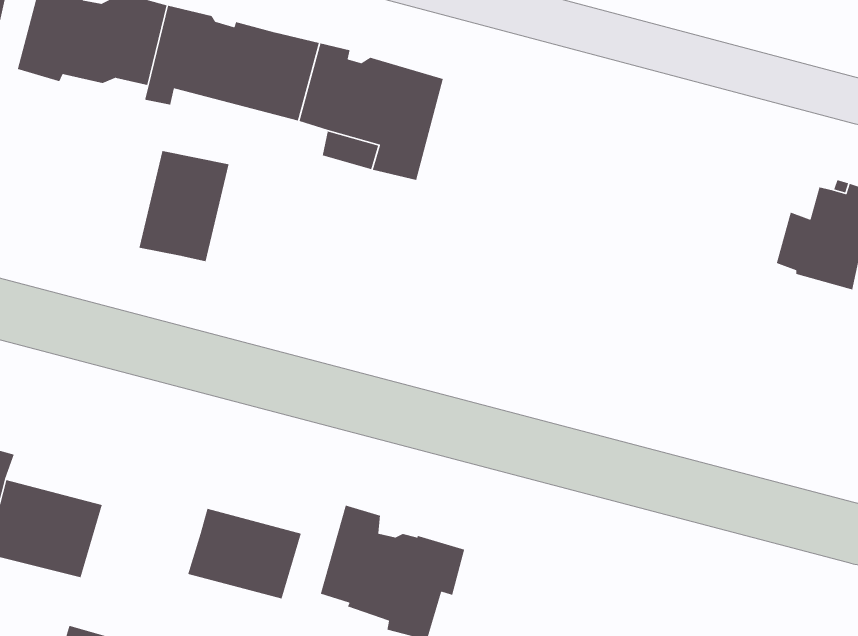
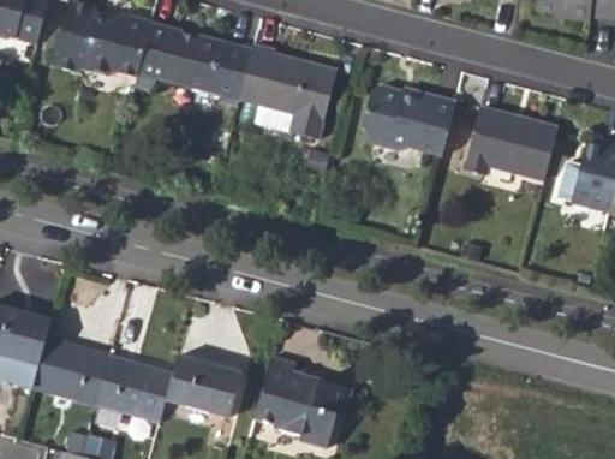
building: none -> [362,85,455,156]
building: none -> [464,108,557,180]
building: [139,150,229,262] -> none
building: none -> [94,354,173,422]

